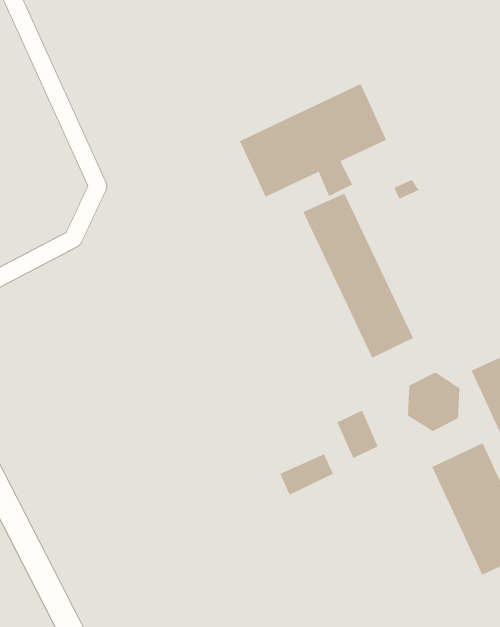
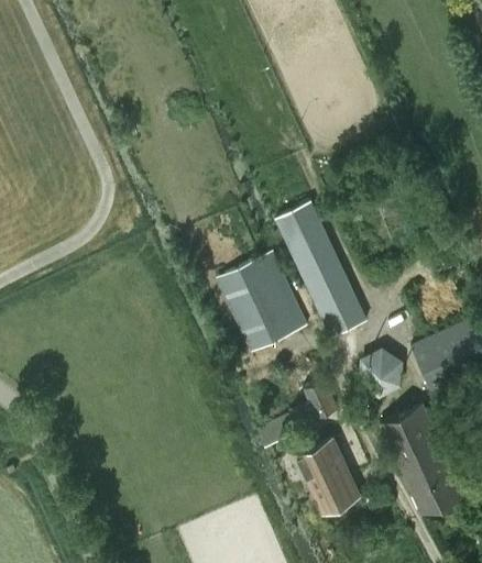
building: [239,83,387,198] -> none
building: none -> [219,253,307,352]
building: none -> [295,438,360,515]

